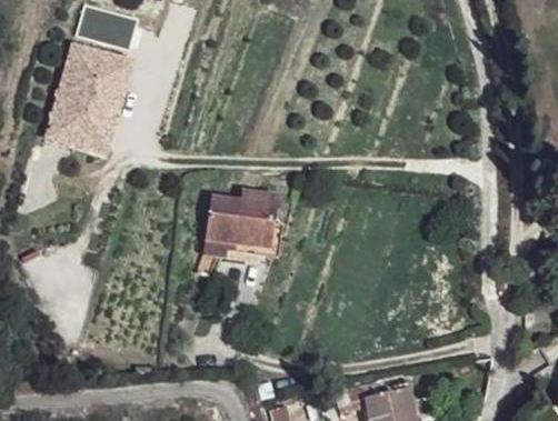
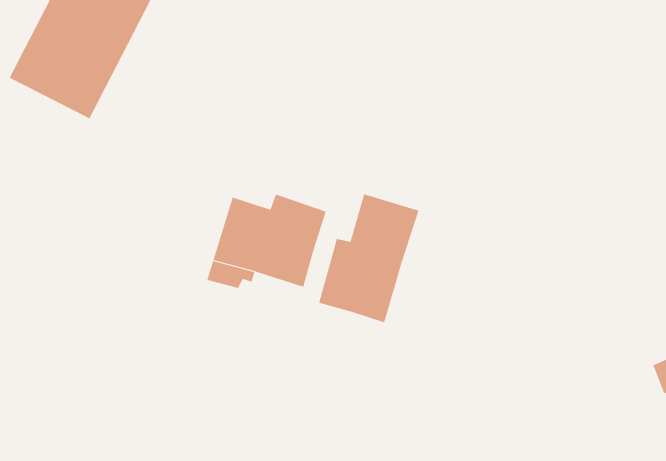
building: none -> [318,194,419,323]

